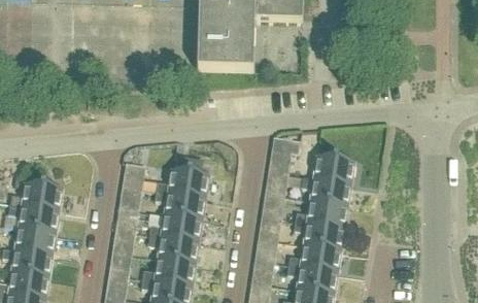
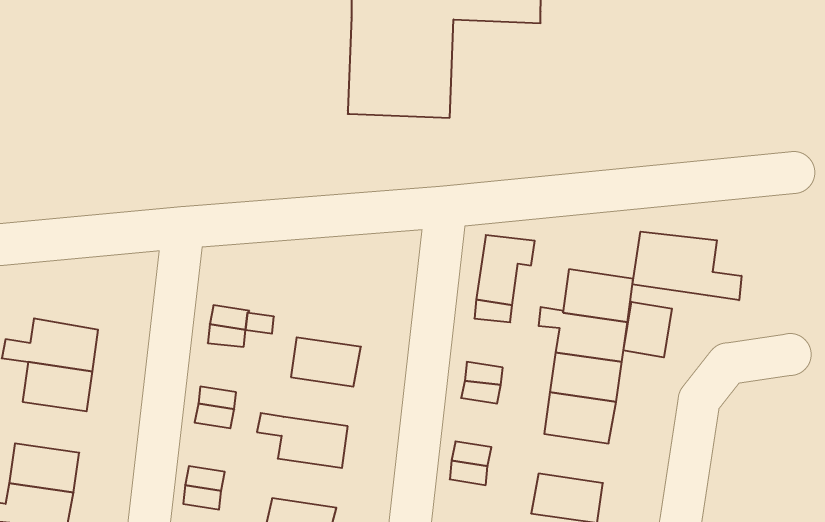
building: none -> [632,232,741,300]
building: [169,164,207,193] -> none
building: none -> [623,302,672,357]
building: [162,209,200,236] -> none
building: [15,223,55,250] -> none
building: [301,240,339,267] -> none
building: [156,254,194,280] -> none

